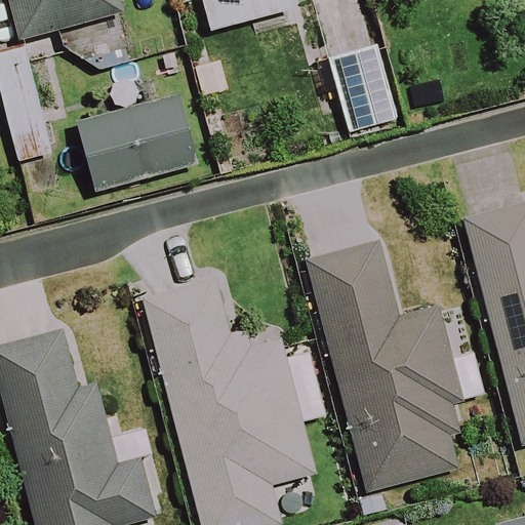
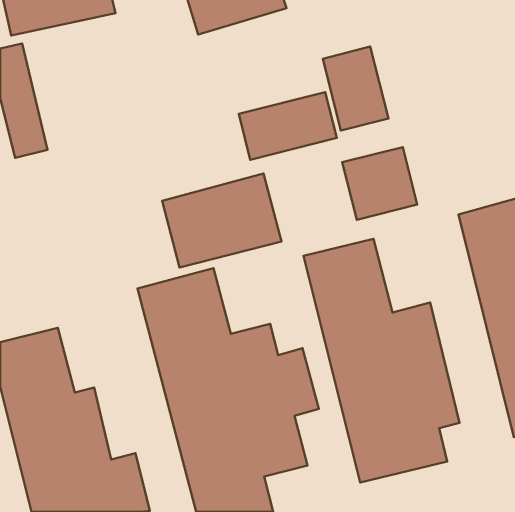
building: none -> [239,92,337,160]
building: [78,95,199,191] -> [162,174,282,268]
building: none -> [342,147,417,220]

